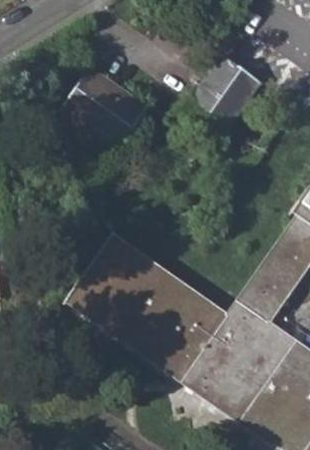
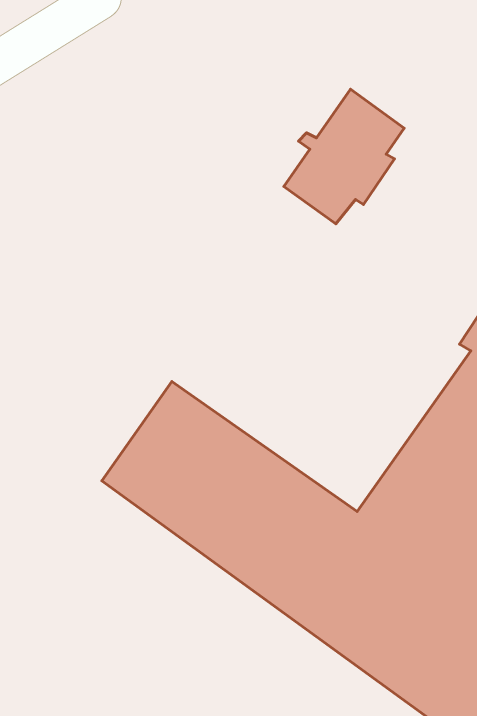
building: [61,74,148,151] -> none

